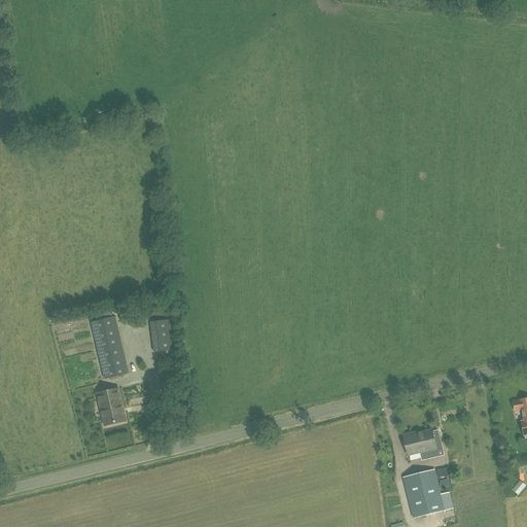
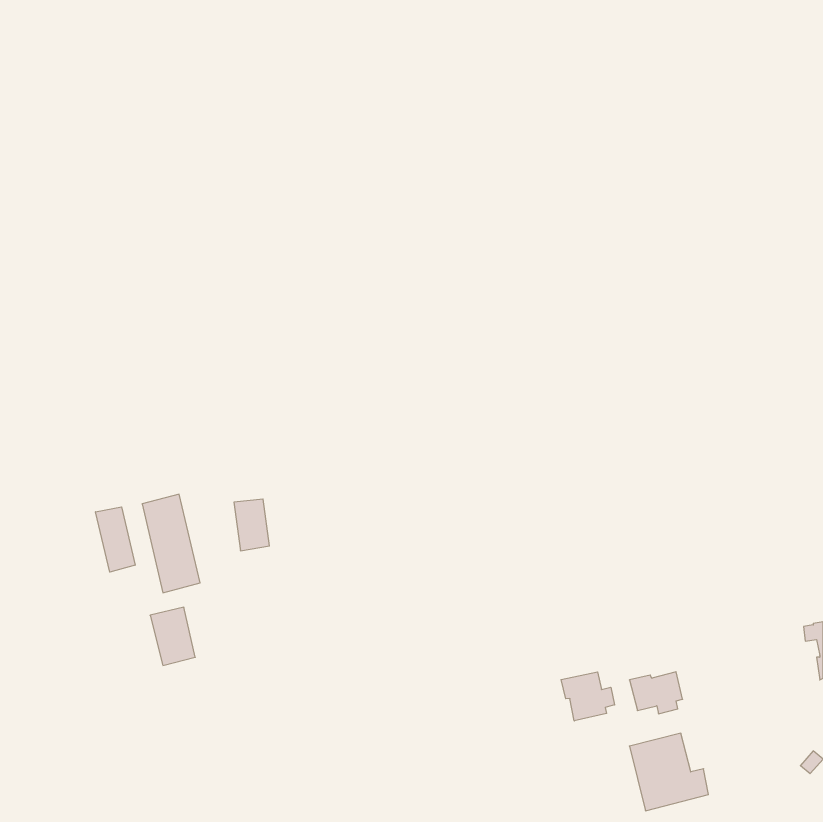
building: none -> [96,507,135,572]
building: none -> [561,672,615,721]

